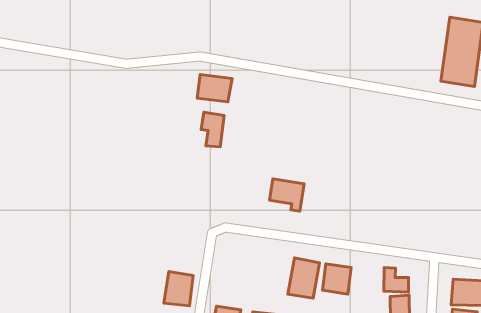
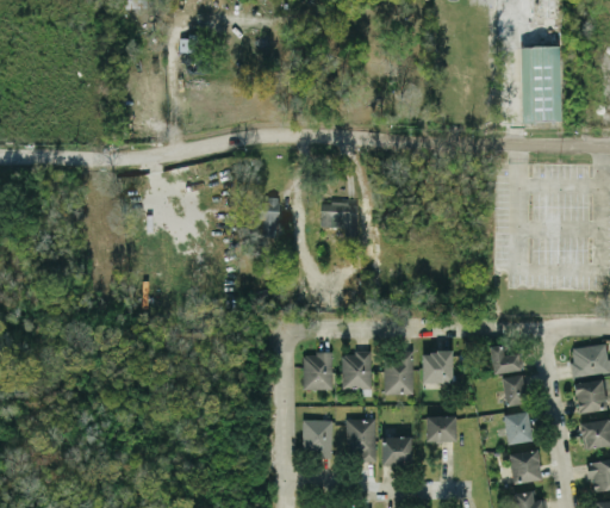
building: [197,74,232,102] -> none
building: [269,179,304,211] -> [320,204,357,236]
building: none -> [342,353,372,390]
building: [164,272,193,306] -> [304,354,334,391]

